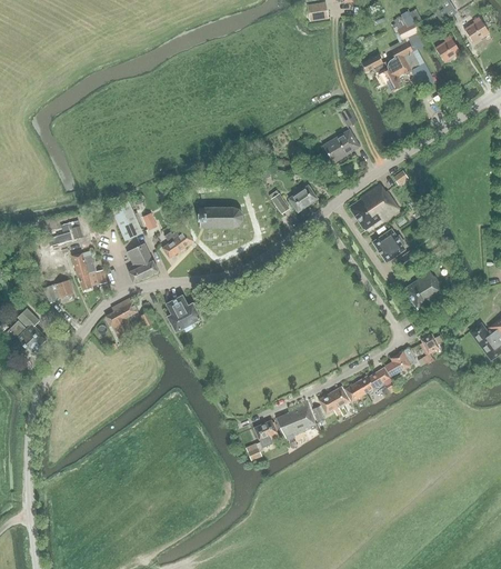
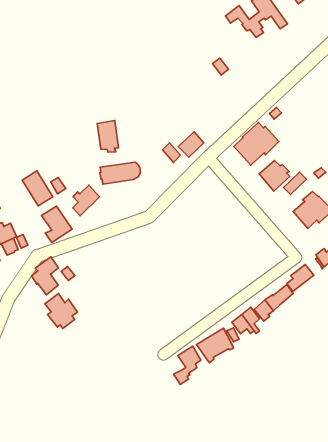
building: [322,129,359,162] -> none
building: none -> [97,121,119,152]
building: [166,295,200,333] -> [45,294,78,328]

